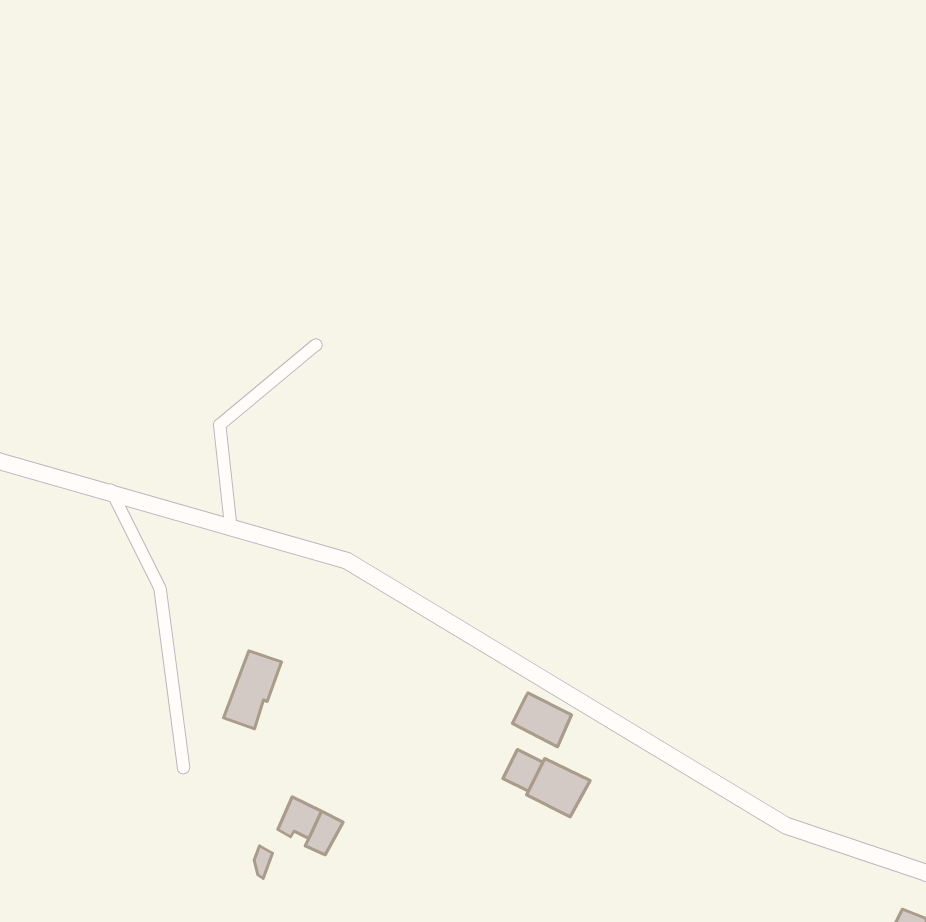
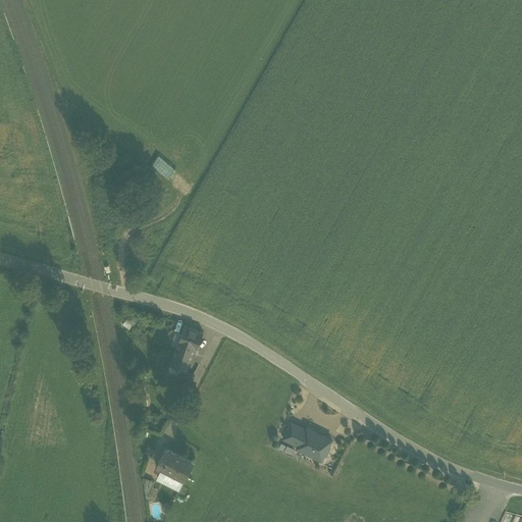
building: [224,651,282,729] -> [169,328,202,372]
building: [512,693,572,747] -> none

